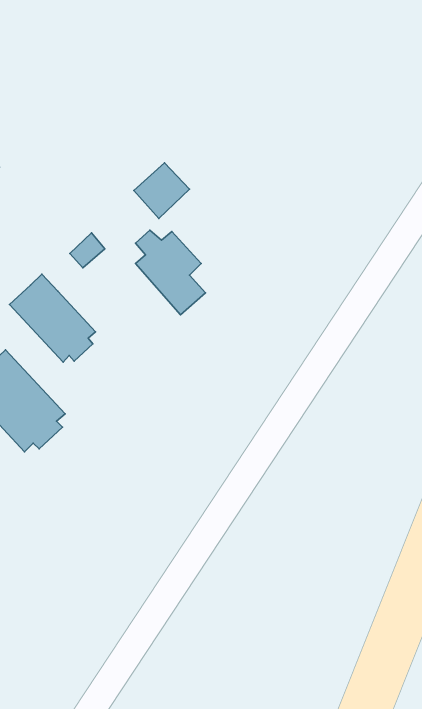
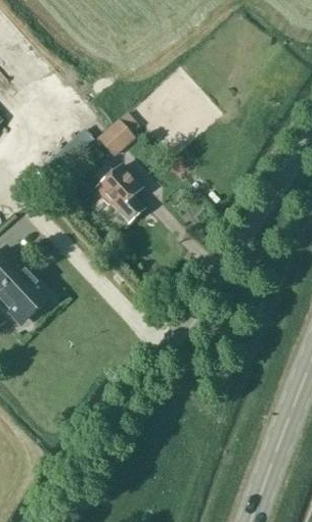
building: [9,274,96,362] -> none

